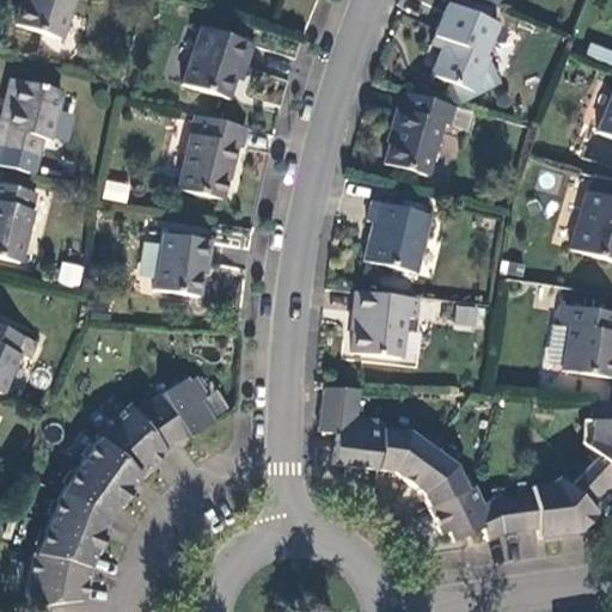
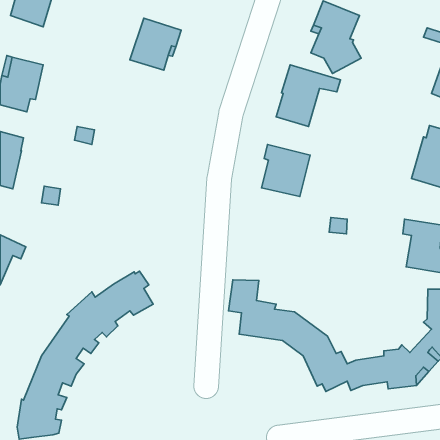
building: [179,114,247,197] -> none
building: [154,232,213,295] -> none
building: [354,289,420,356] -> none

